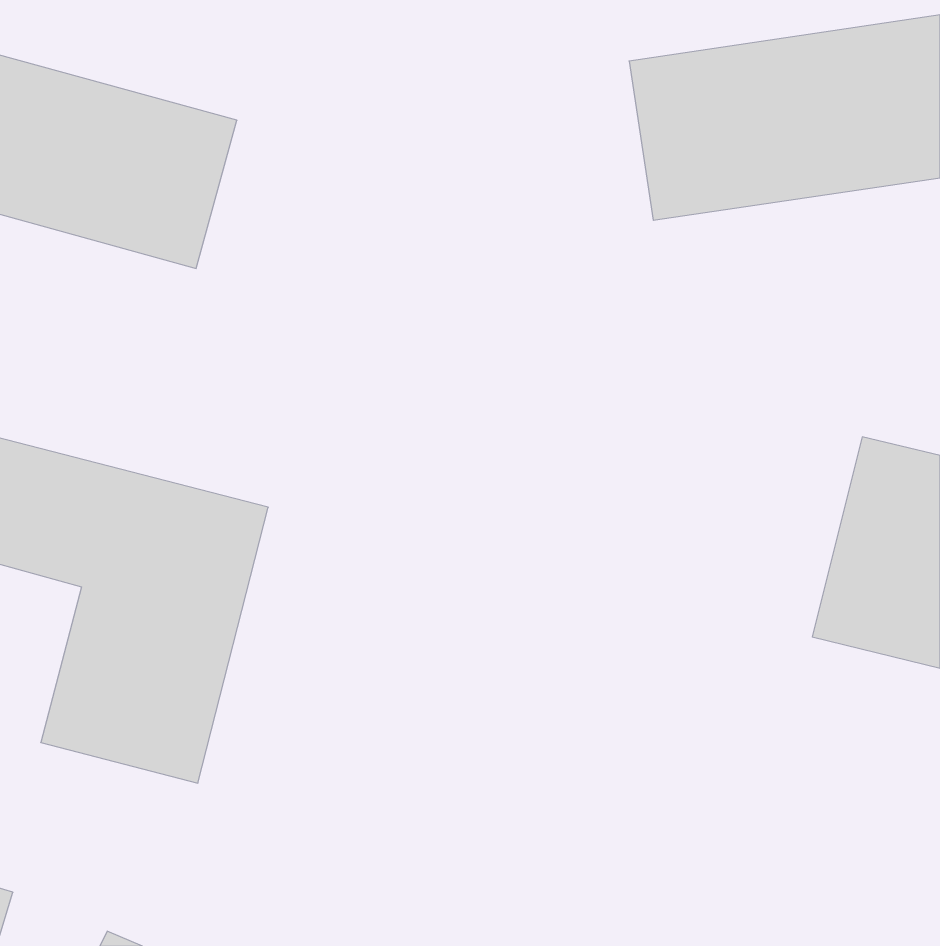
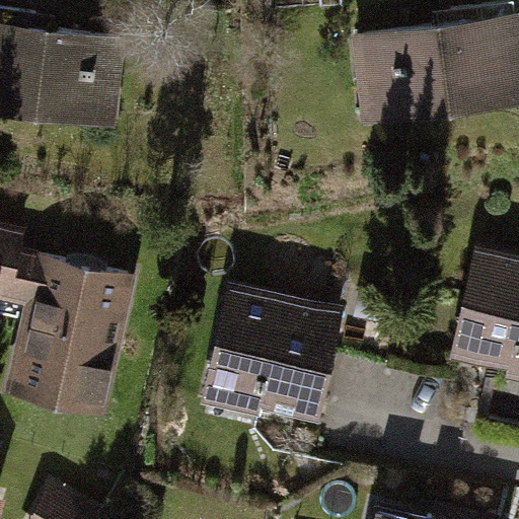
building: none -> [205,283,347,417]

